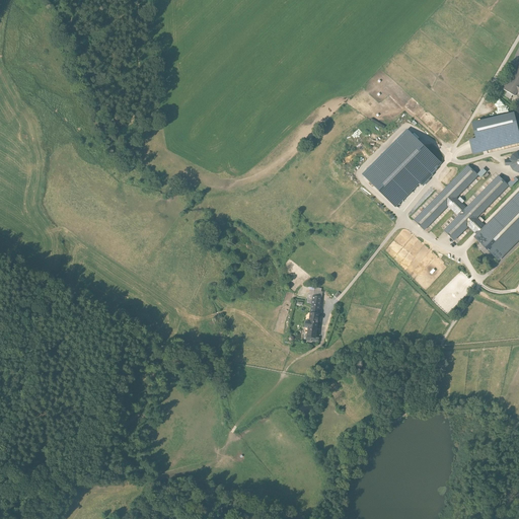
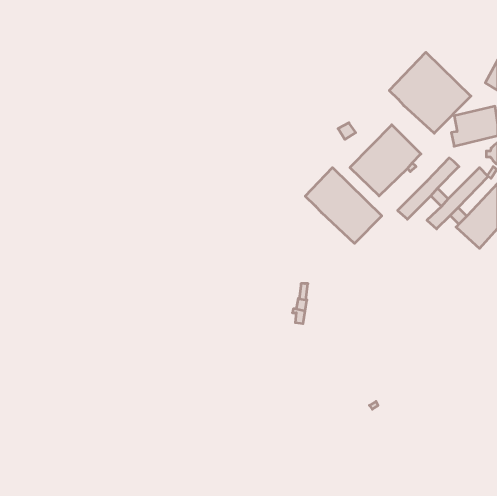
building: none -> [389,52,471,133]
building: none -> [305,168,382,243]

